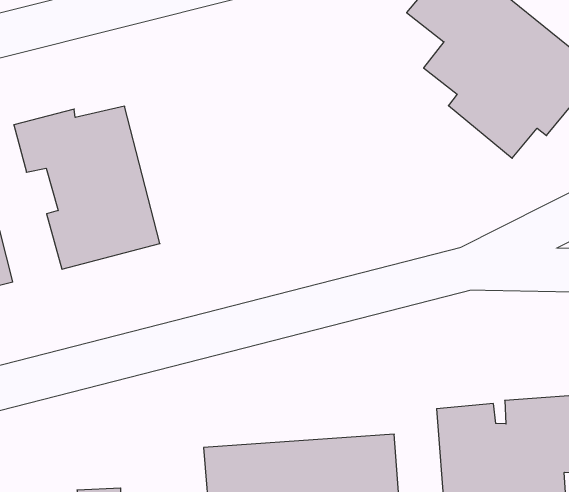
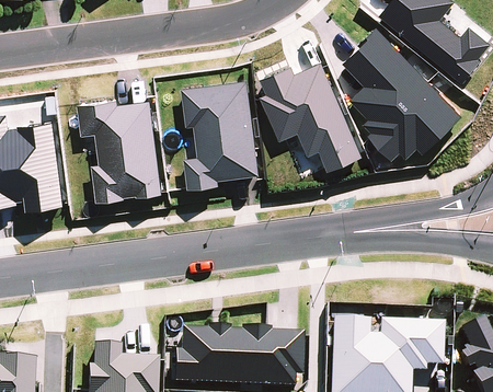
building: none -> [255,62,363,172]
building: none -> [182,80,260,187]

